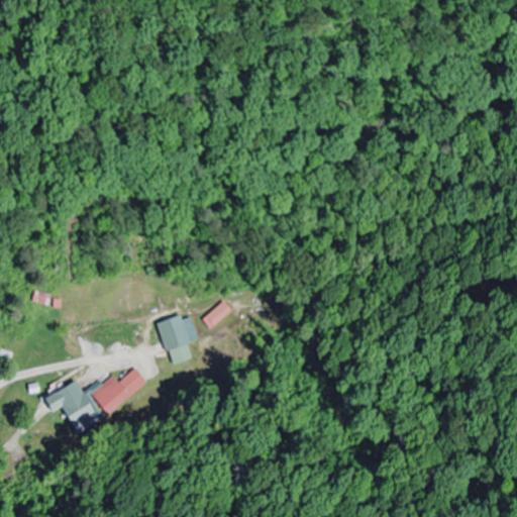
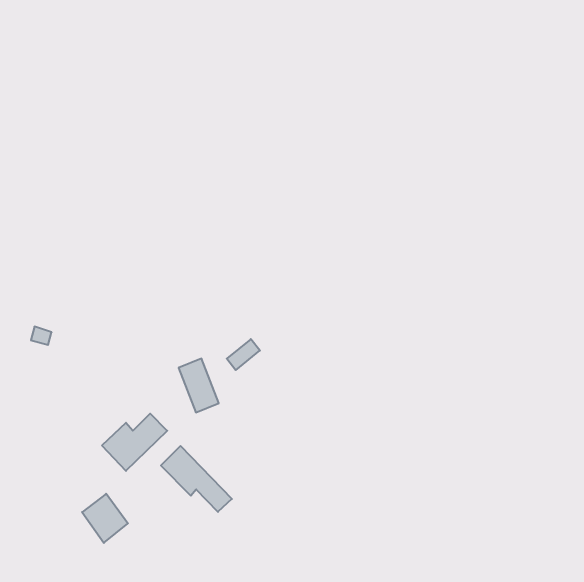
building: [57,385,97,428] -> [82,494,128,543]
building: none -> [161,446,232,512]

